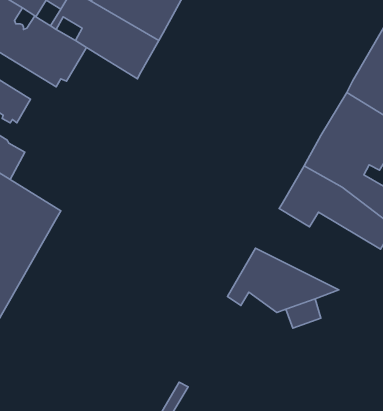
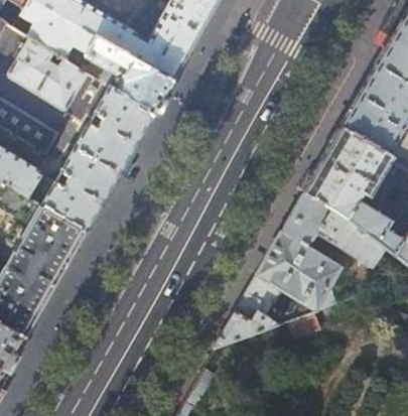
building: none -> [40,87,154,233]
building: none -> [260,231,344,303]
building: none -> [213,305,279,348]

